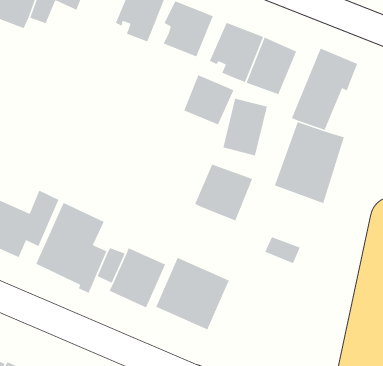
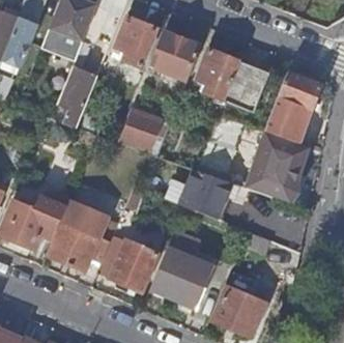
building: none -> [58,66,96,126]
building: [183,74,234,125] -> [117,108,161,151]
building: none -> [211,286,265,337]

